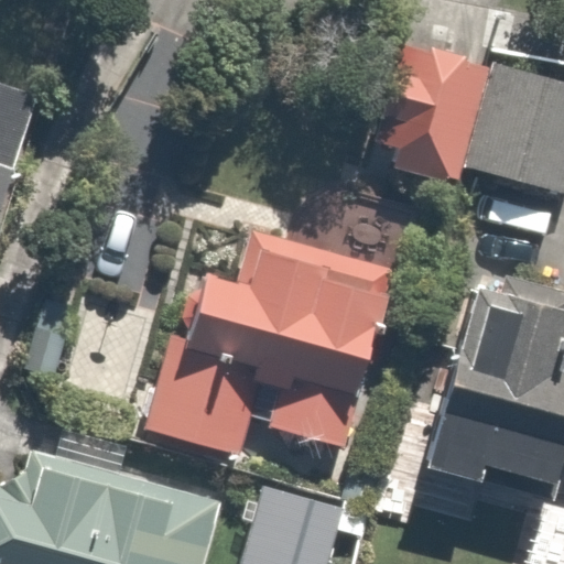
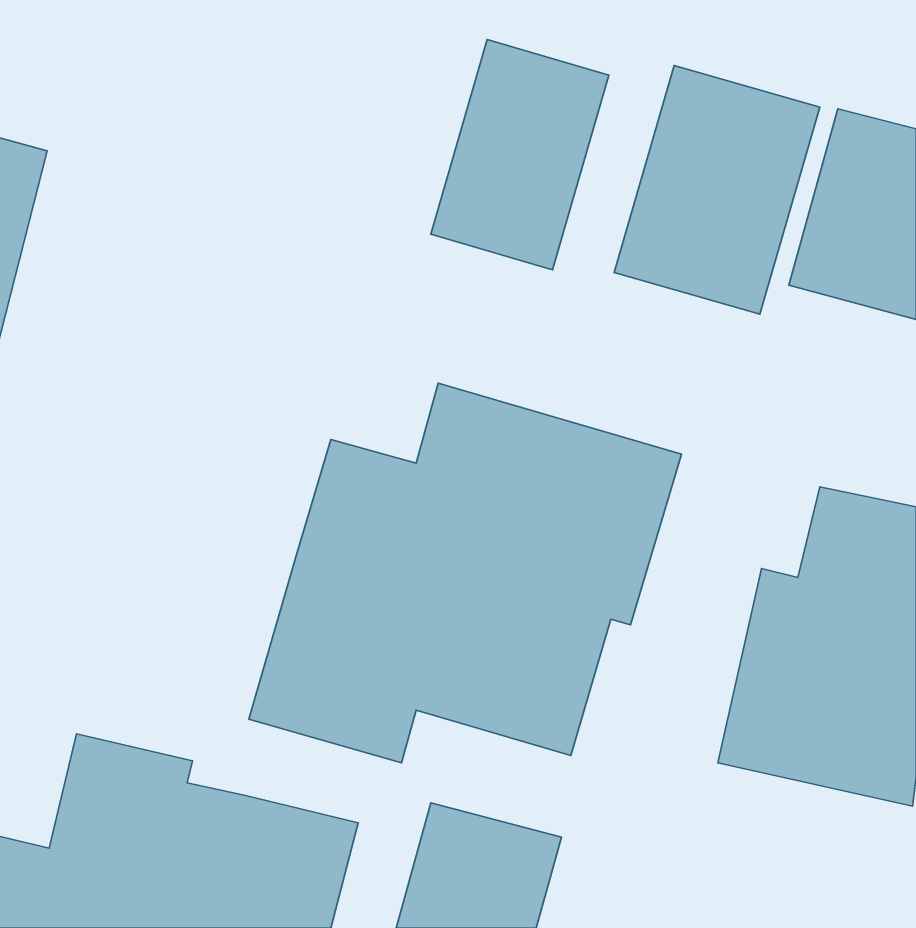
building: none -> [431,40,609,270]

